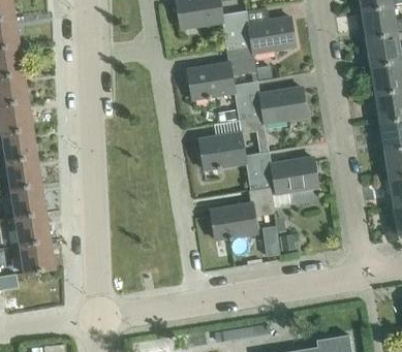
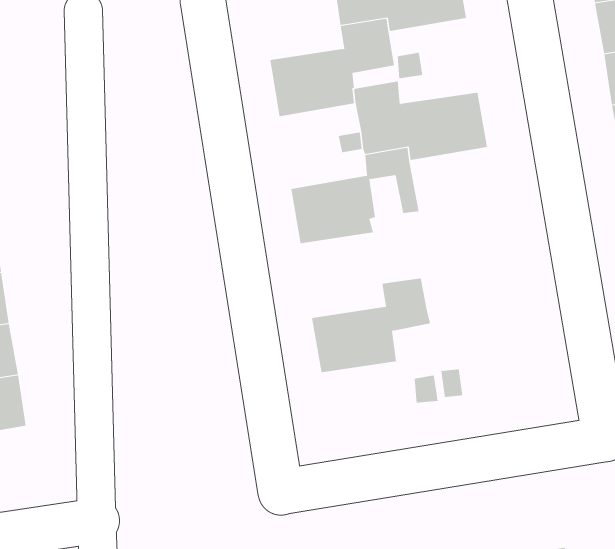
building: [242,152,317,204] -> none

